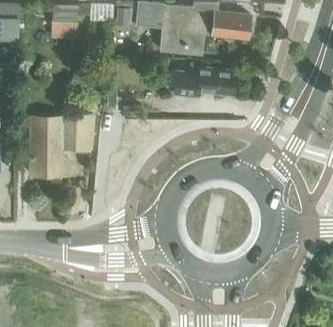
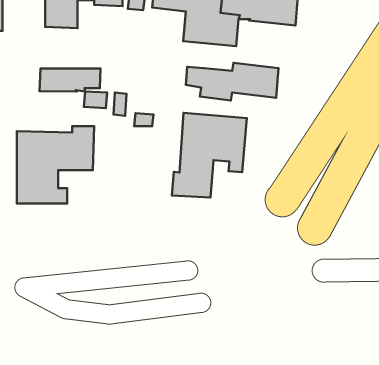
building: none -> [40,68,100,91]
building: none -> [172,113,247,198]

